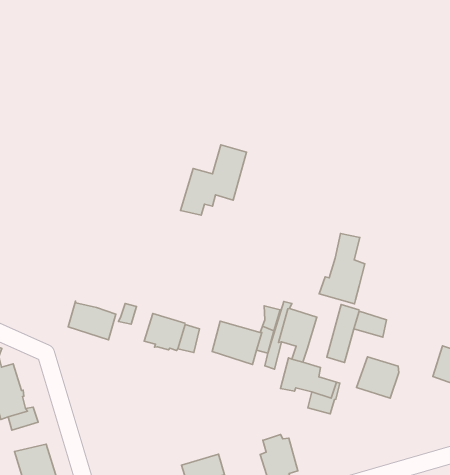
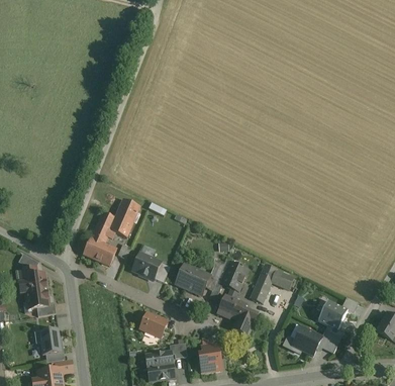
building: [181,145,246,215] -> [91,199,139,244]
building: [319,234,365,304] -> none
building: [356,357,399,398] -> [292,326,321,356]
building: none -> [139,312,167,336]

